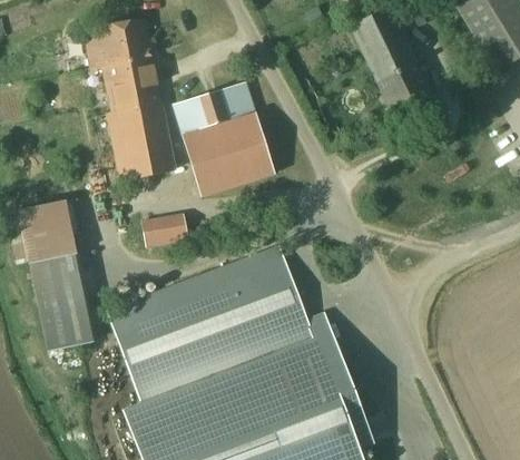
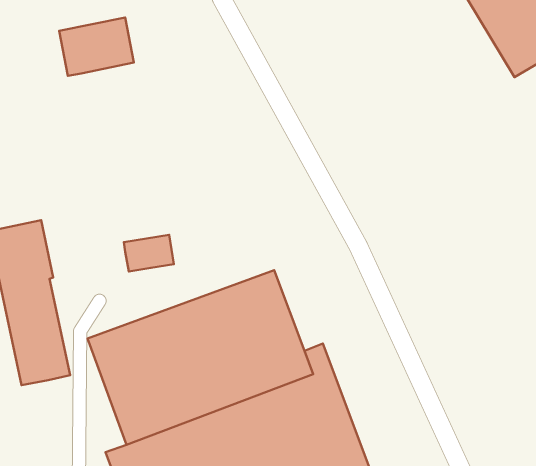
building: [353,7,434,118] -> none
building: [104,58,175,180] -> none
building: [174,85,275,198] -> none

